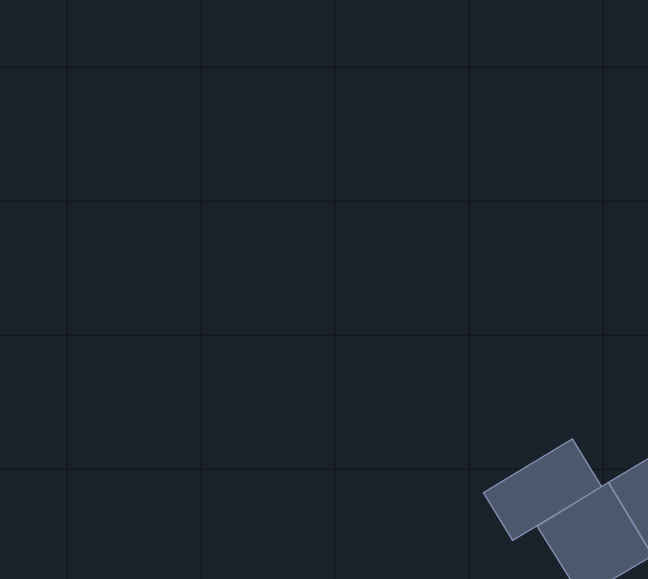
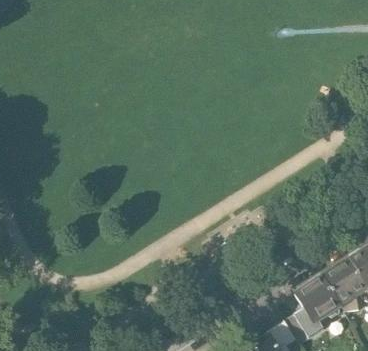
building: [483,439,602,540] -> none

